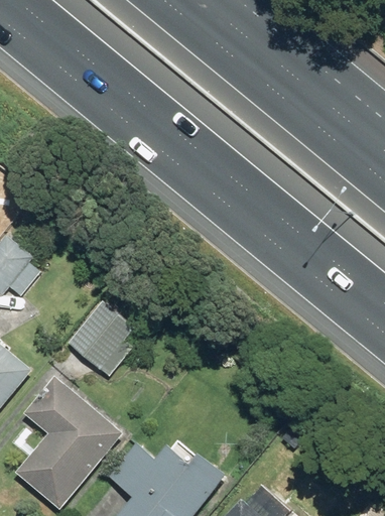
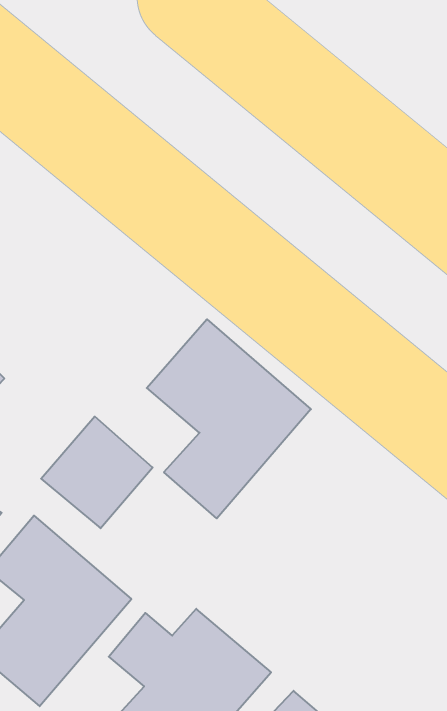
building: none -> [147,319,311,518]

